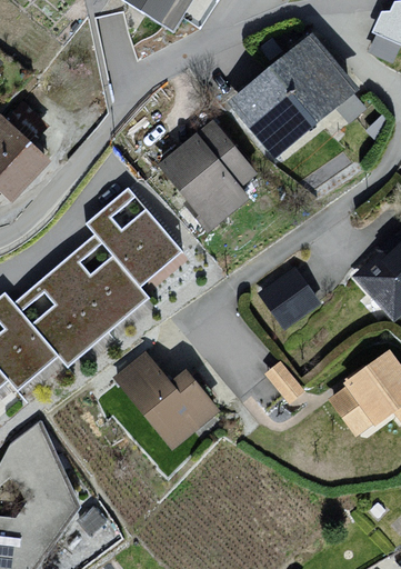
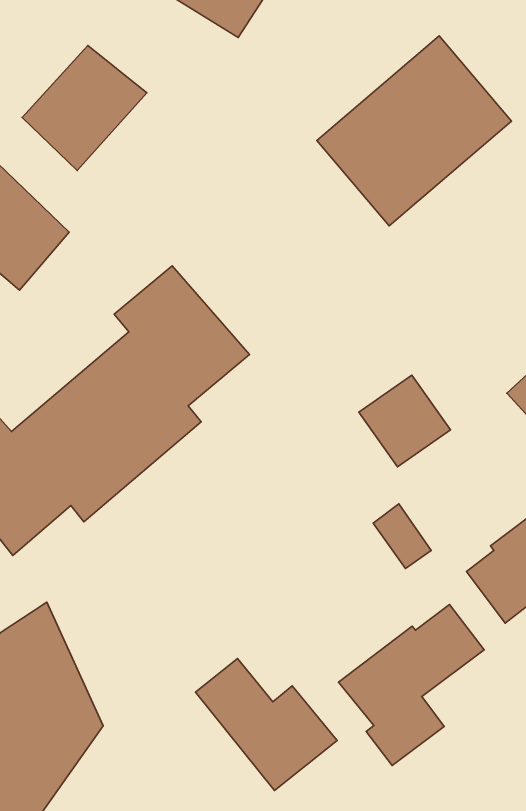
building: none -> [22,46,147,171]
building: [154,116,258,232] -> none
building: [118,353,215,445] -> [196,658,337,790]
building: none -> [339,605,484,766]

